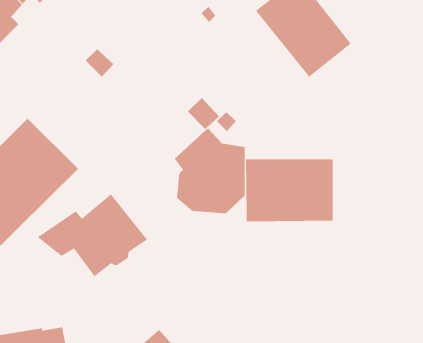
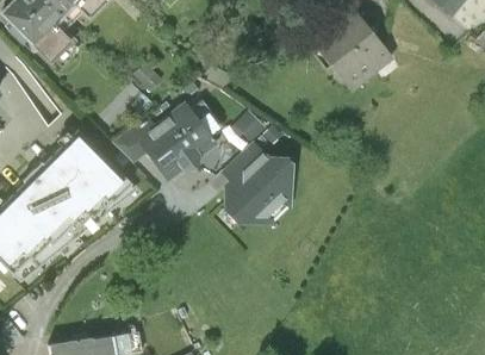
building: [245,158,333,222] -> none
building: [37,193,148,277] -> [111,100,219,182]

